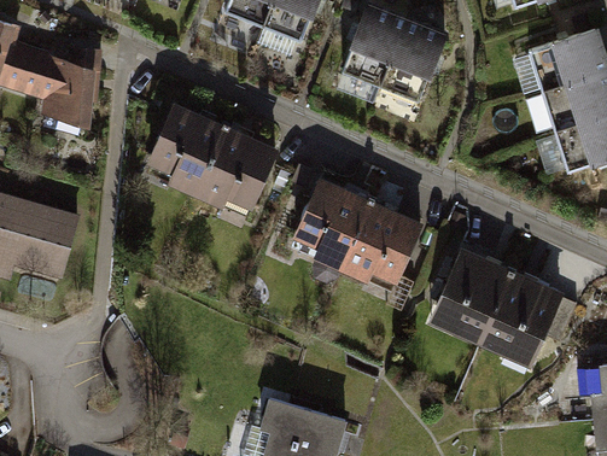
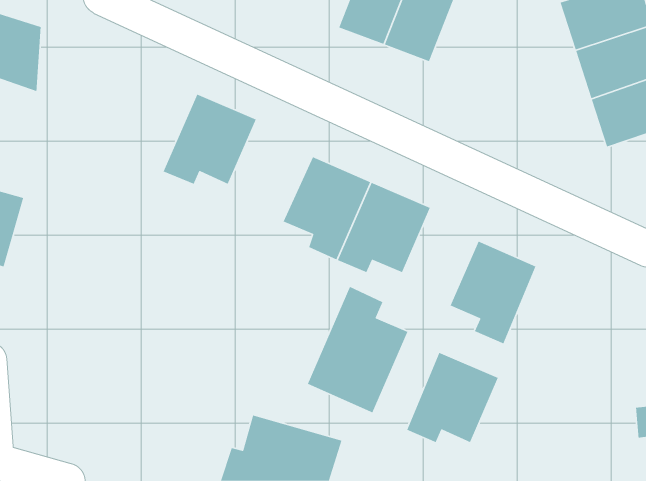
building: [150,105,223,193] -> none
building: [483,273,561,350] -> [406,352,499,443]
building: none -> [307,286,409,413]

